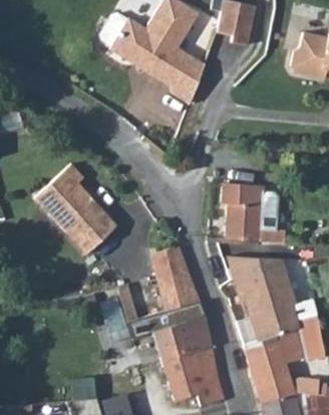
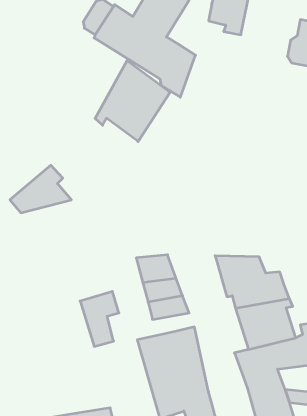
building: none -> [95,61,170,142]
building: [220,182,265,241] -> none
building: [44,200,115,256] -> none

